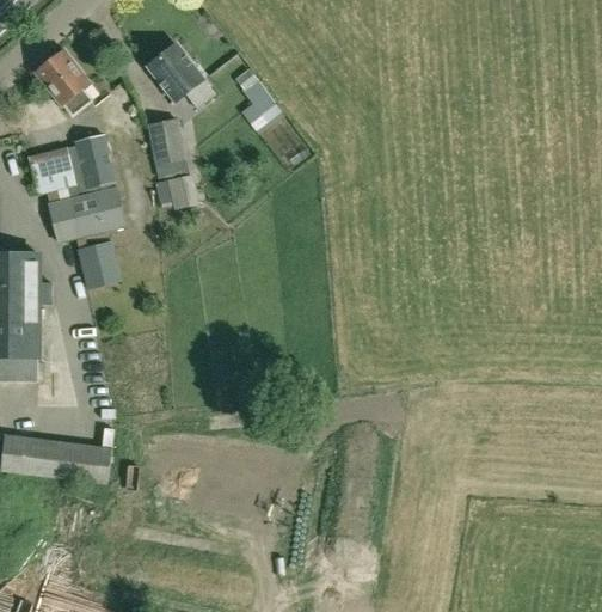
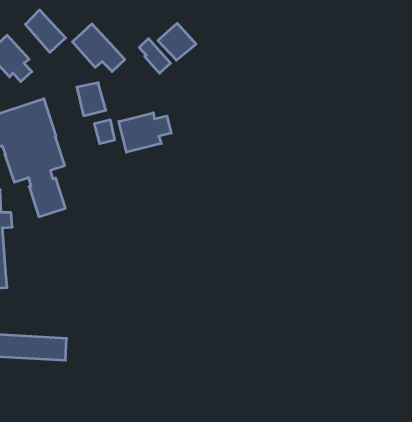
building: none -> [25,10,66,52]
building: none -> [158,23,196,60]
building: none -> [119,113,171,152]

